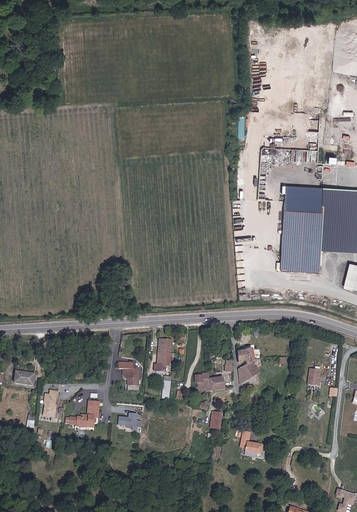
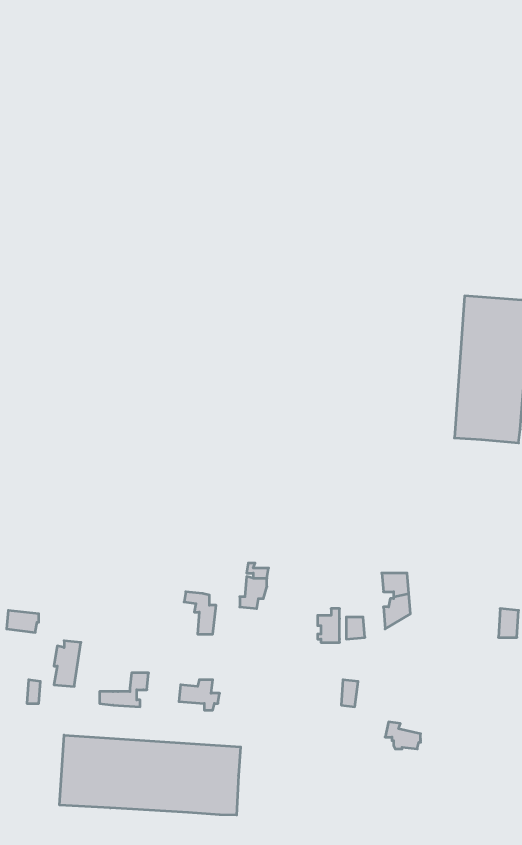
building: none -> [60,735,241,815]

